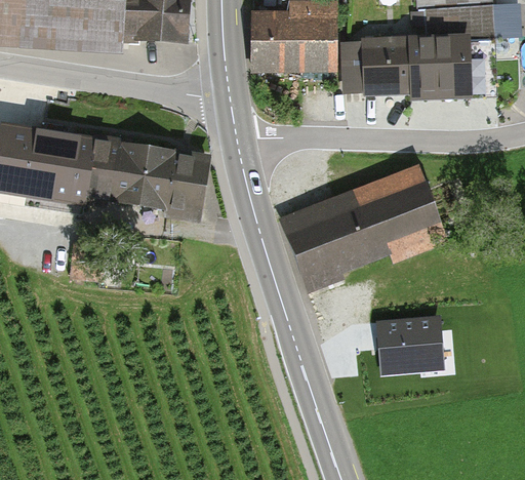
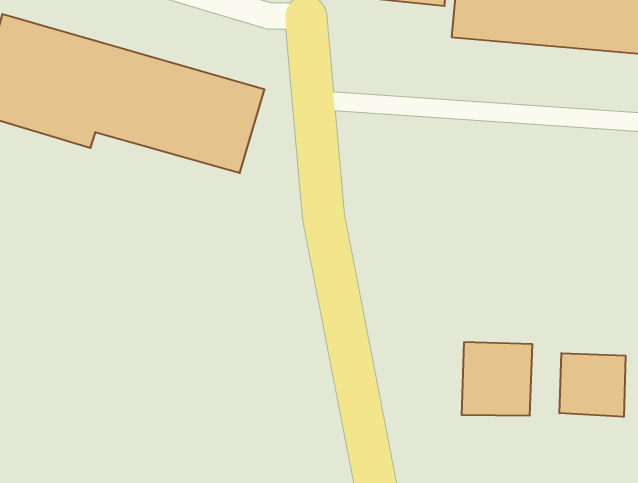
building: [281,165,442,283] -> none
building: none -> [559,353,626,417]

